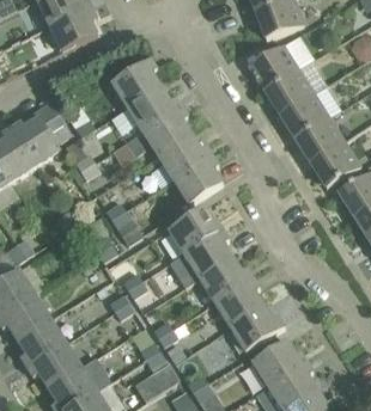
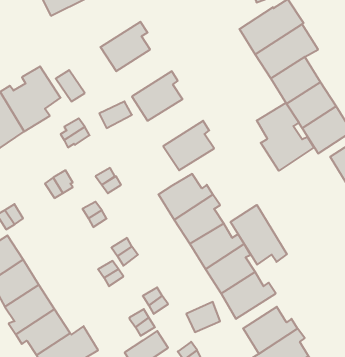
building: [127,86,182,133] -> none
building: [158,135,213,182] -> none
building: none -> [257,103,314,171]
building: none -> [231,205,287,265]

